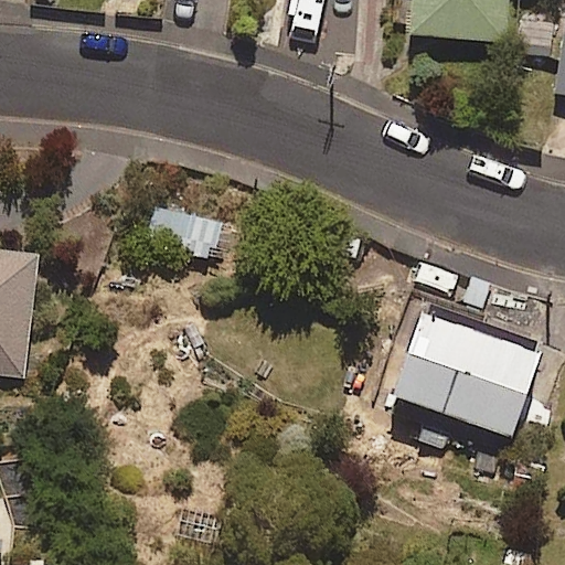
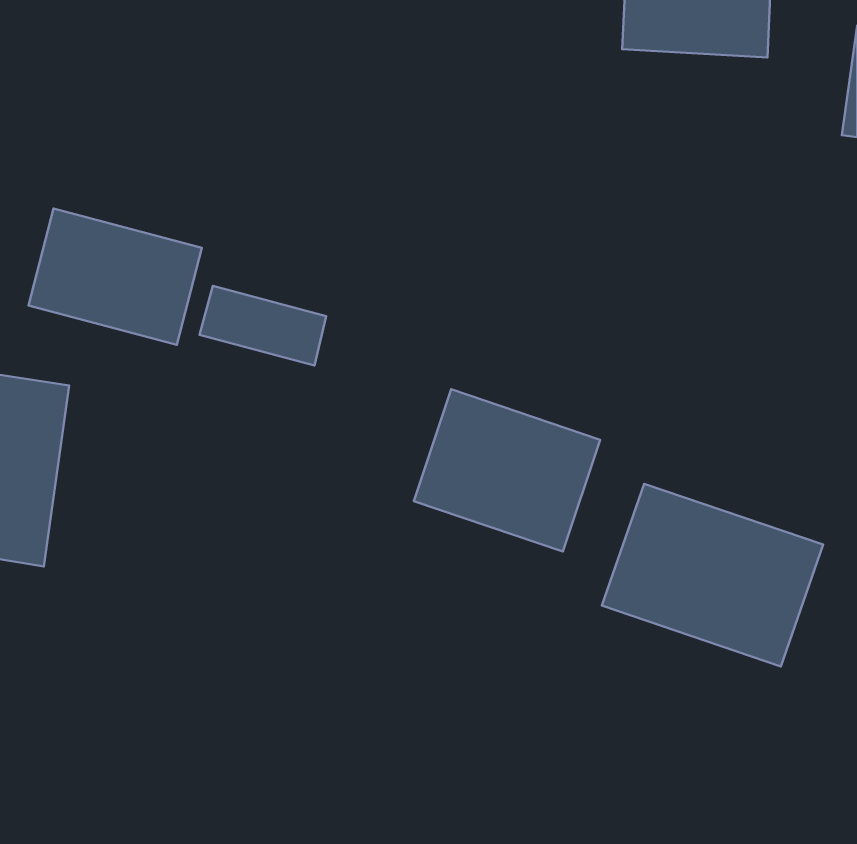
building: none -> [29,209,202,345]
building: none -> [414,389,600,552]

